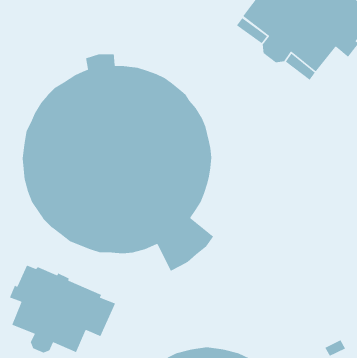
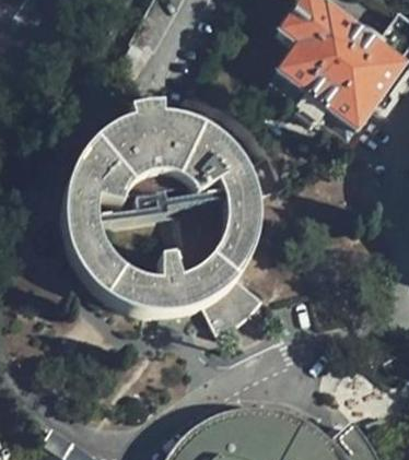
building: [9,264,116,354] -> none

